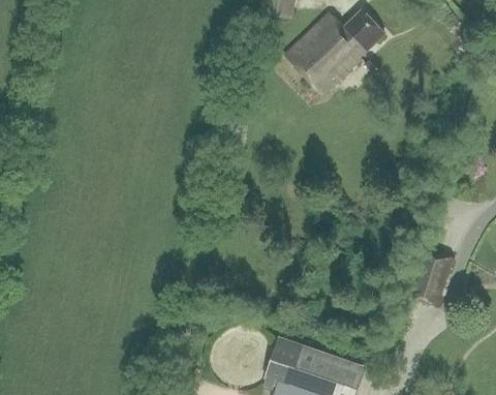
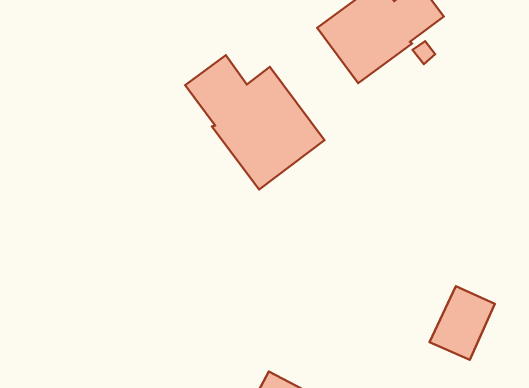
building: none -> [185,55,325,189]

